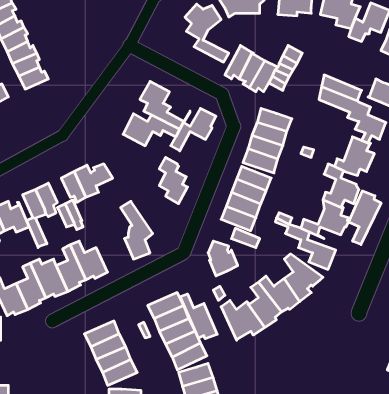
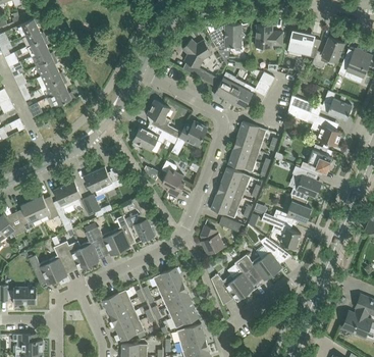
building: [348,191,381,245] -> none
building: none -> [111,215,135,251]
building: [180,294,217,339] -> none

